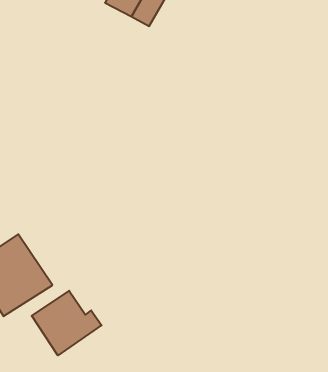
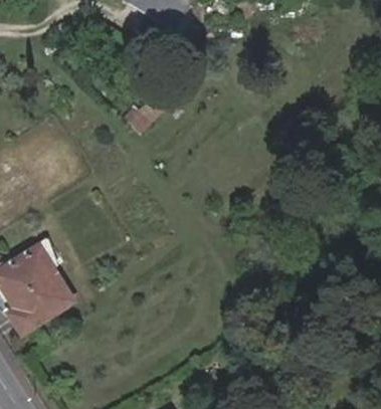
building: [32,291,102,355] -> none

